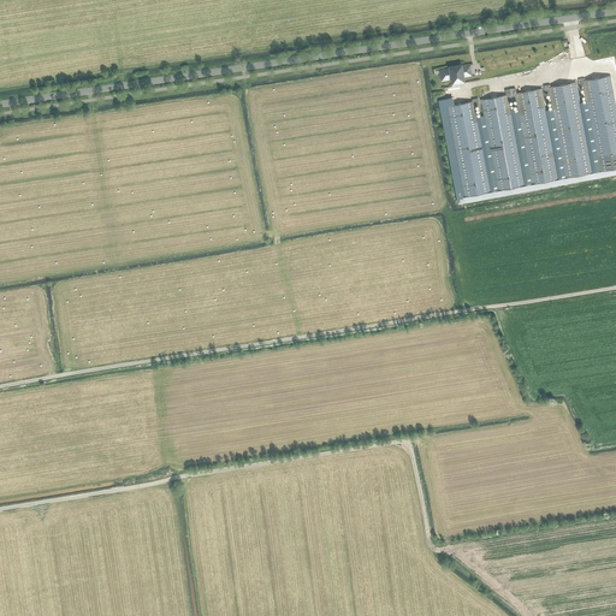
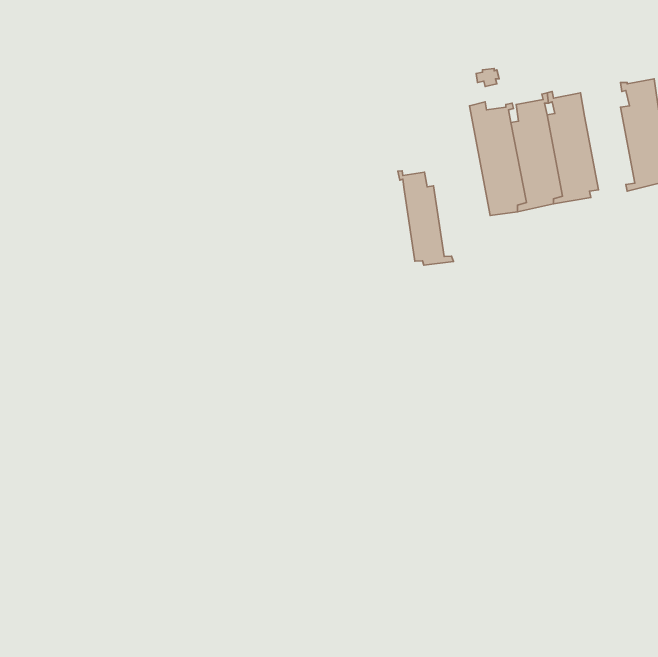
building: [545,79,593,184] -> none
building: none -> [398,171,453,265]

